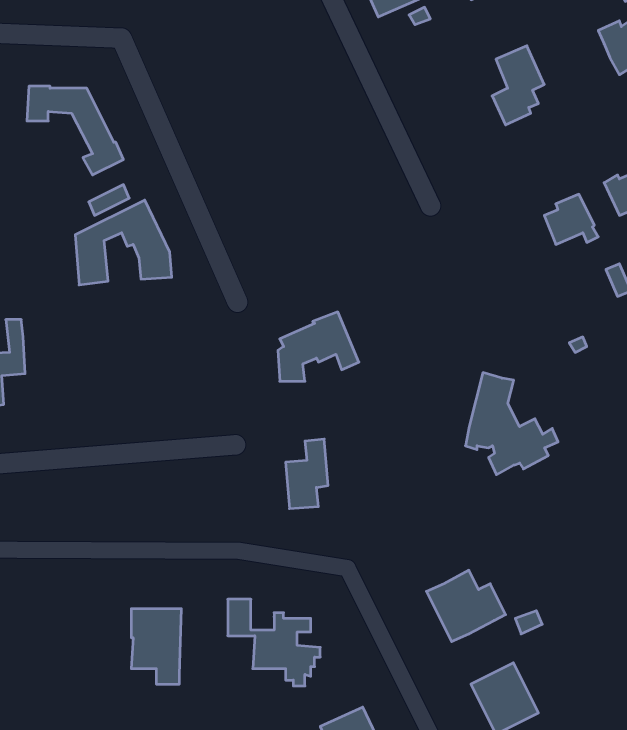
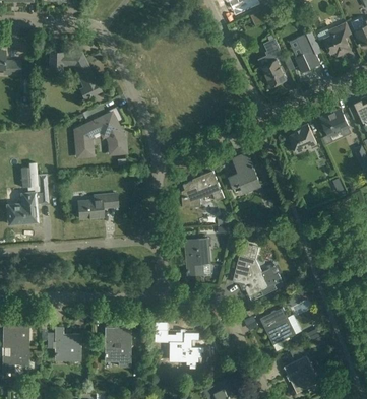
building: none -> [323,21,352,55]
building: none -> [261,39,287,86]
building: none -> [289,123,317,150]
building: none -> [230,152,261,192]
building: none -> [77,194,118,218]
building: [465,373,558,475] -> [233,243,282,296]
building: none -> [49,326,81,360]

